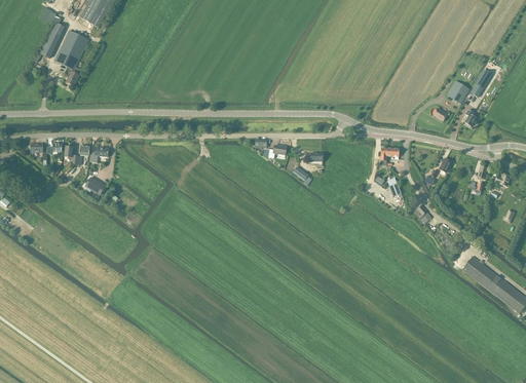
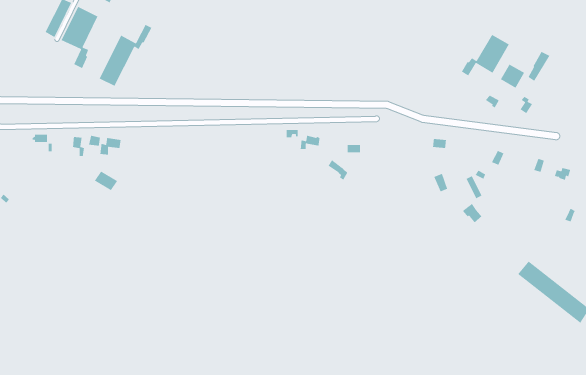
building: none -> [99,24,152,87]
building: none -> [461,34,510,76]

